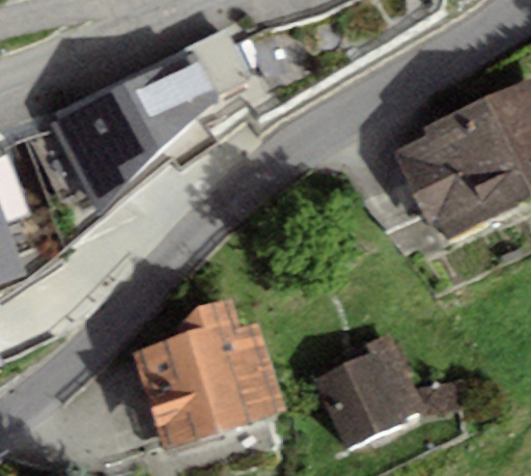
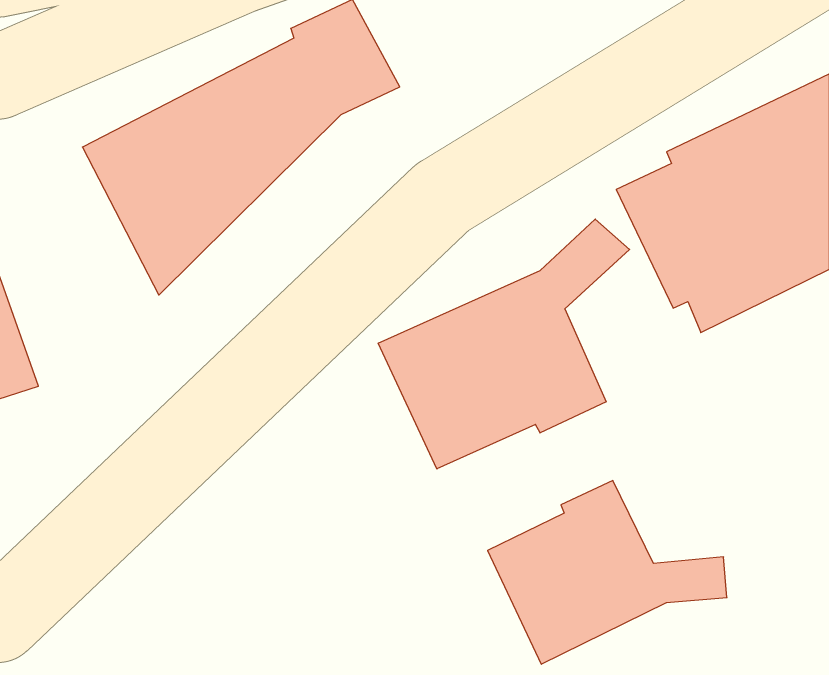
building: none -> [378,219,630,469]
building: [129,297,287,449] -> none

